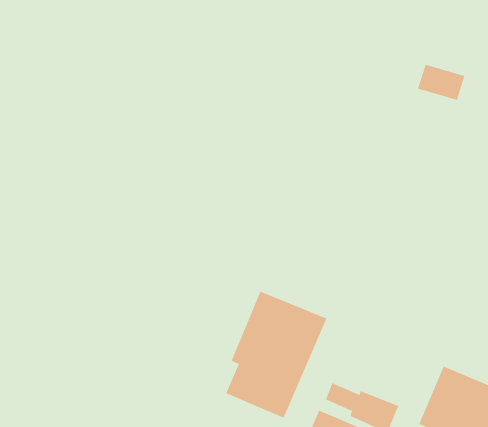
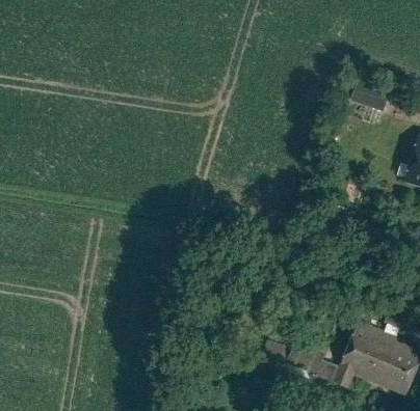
building: [225,291,327,419] -> none

